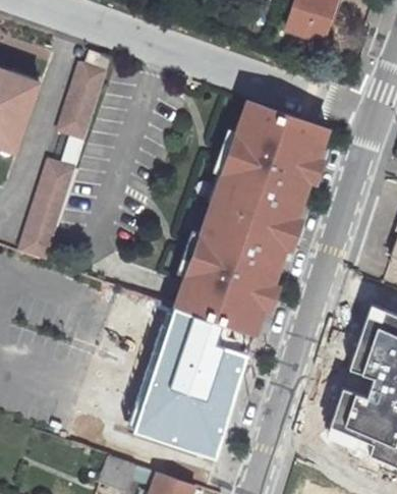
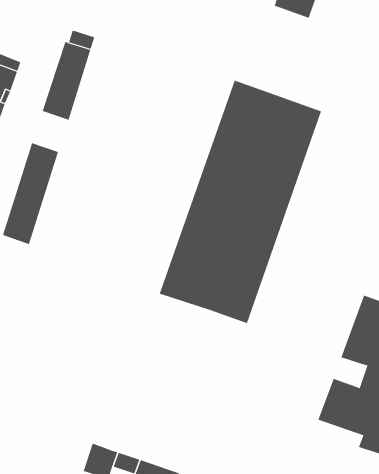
building: [130,308,247,461] -> none

